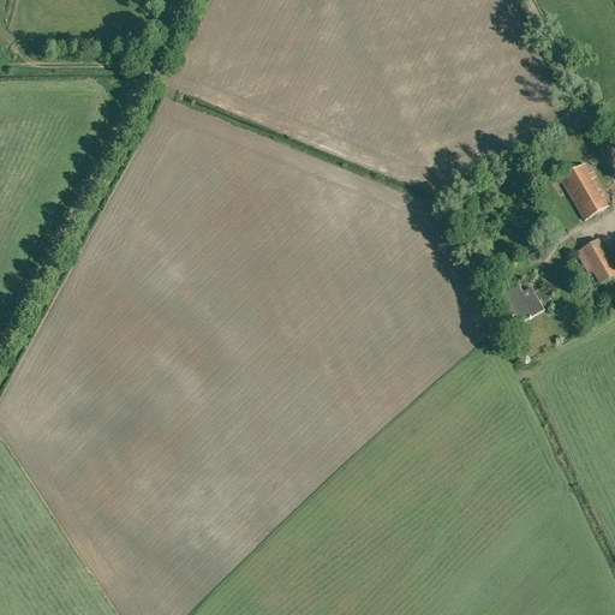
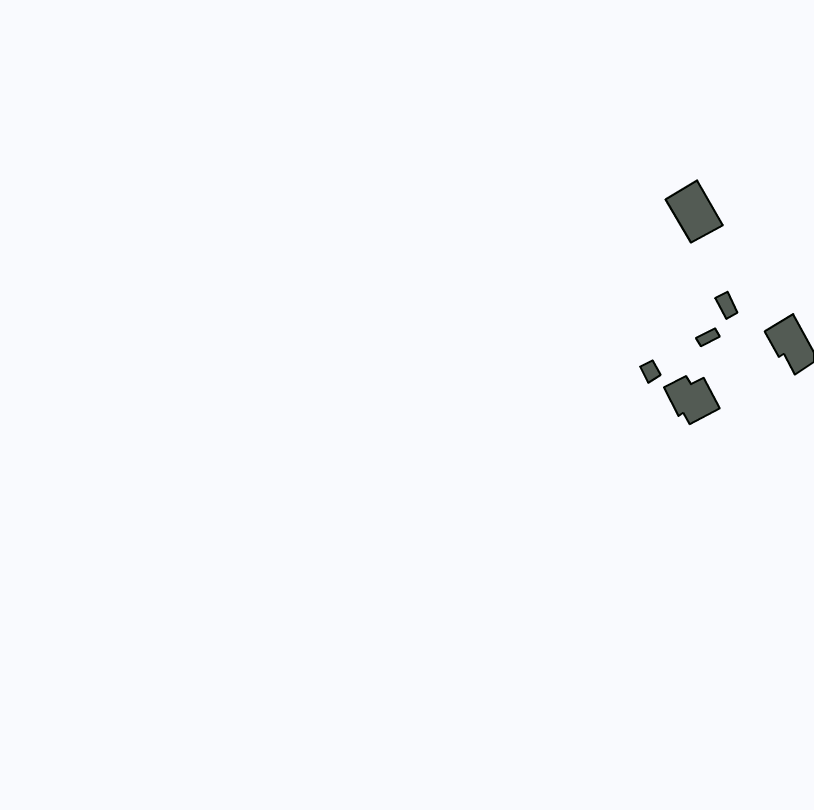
building: [565,171,608,217] -> [665,180,723,243]

